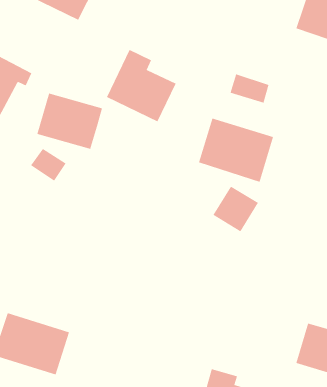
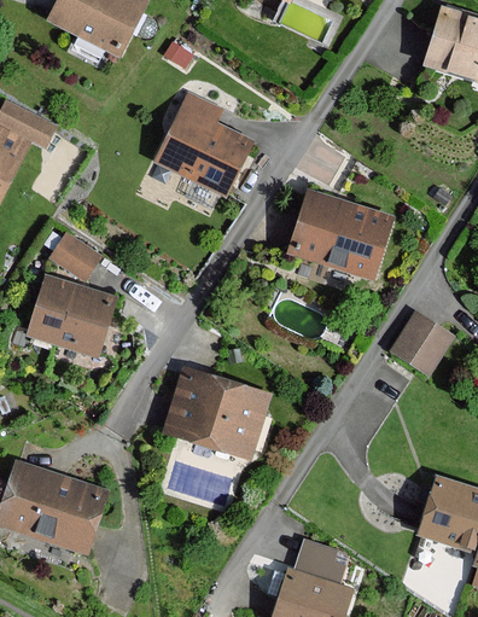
building: [230,74,269,104] -> none
building: [37,93,103,150] -> [25,275,118,355]
building: [212,186,259,232] -> [394,313,459,378]
building: none -> [165,366,268,455]

